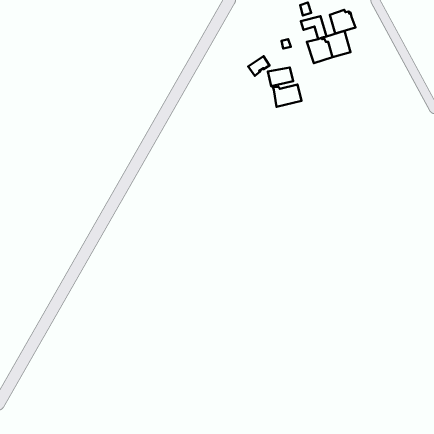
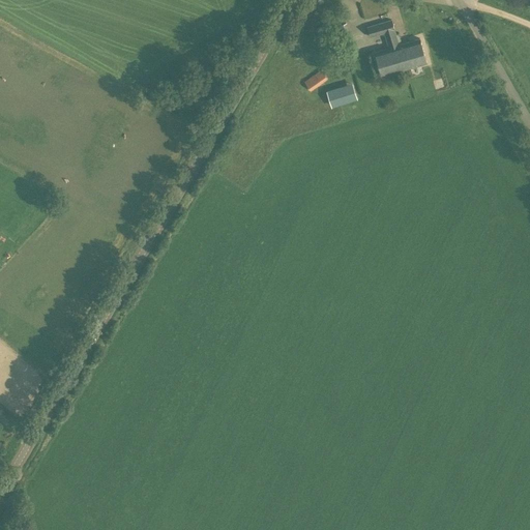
building: [330,10,355,33] -> none
building: [272,85,301,107] -> none

